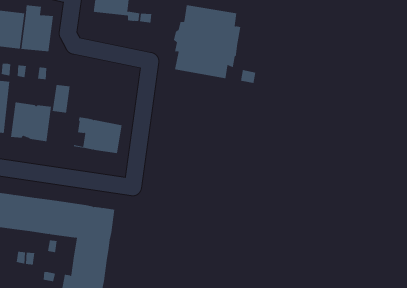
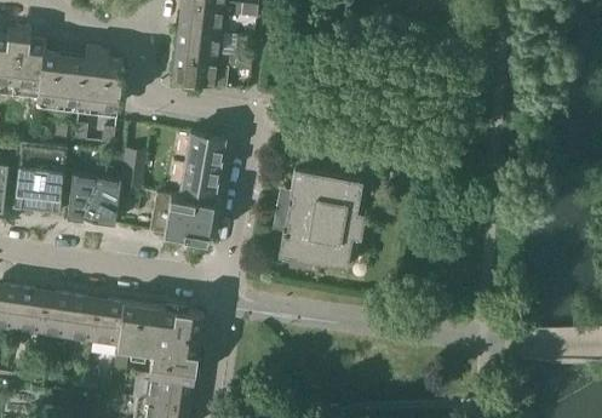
building: [173,4,241,79] -> [276,168,365,267]
building: none -> [171,56,228,88]
building: none -> [168,133,224,194]

